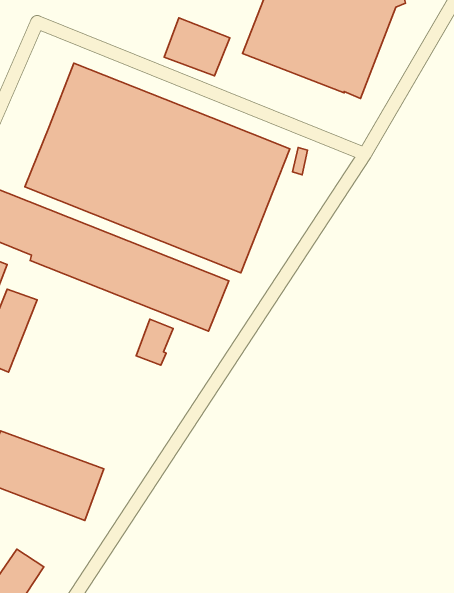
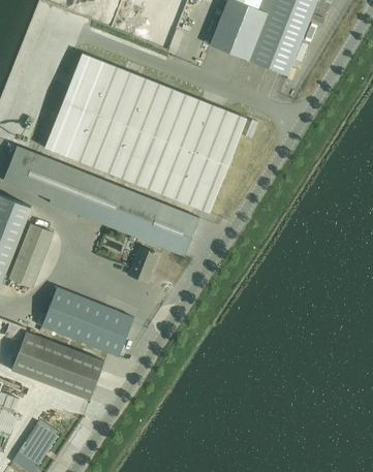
building: [164,18,230,76] -> none
building: none -> [40,287,132,355]

